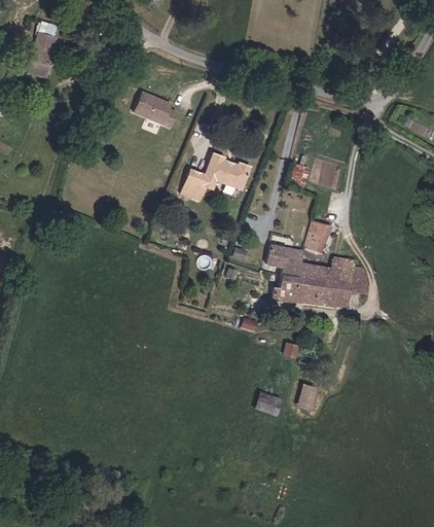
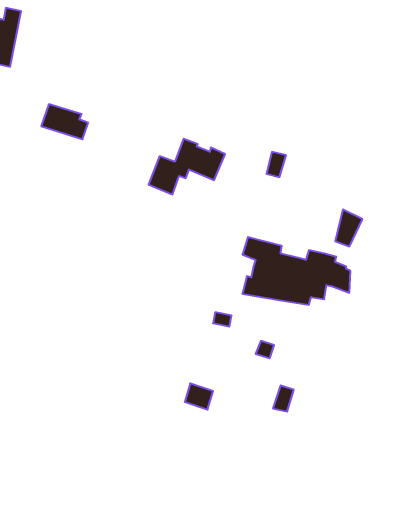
building: [134,94,178,127] -> [41,104,88,139]
building: [306,212,332,247] -> [335,209,362,246]
building: [256,391,283,416] -> [185,383,213,410]

